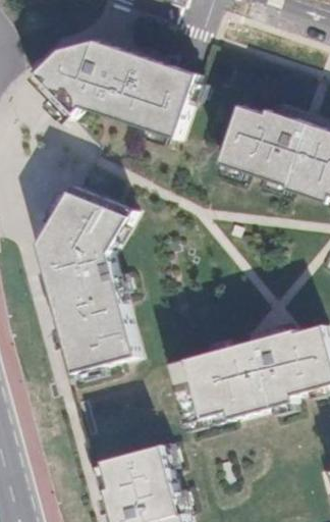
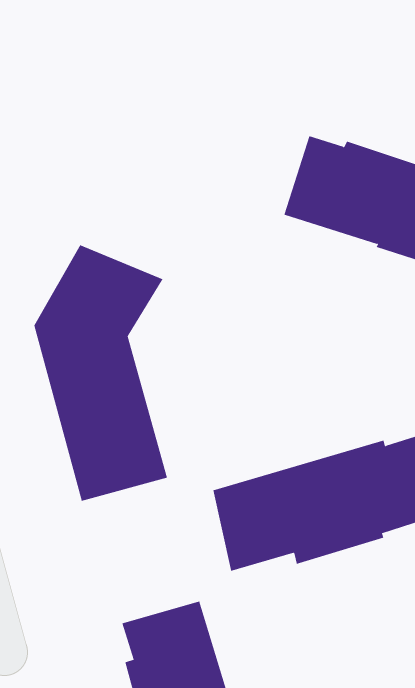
building: [25,37,194,136] -> none

